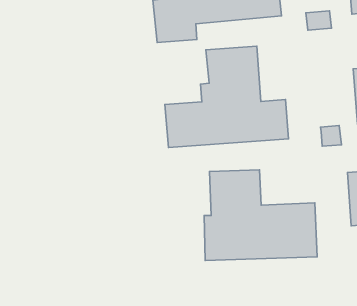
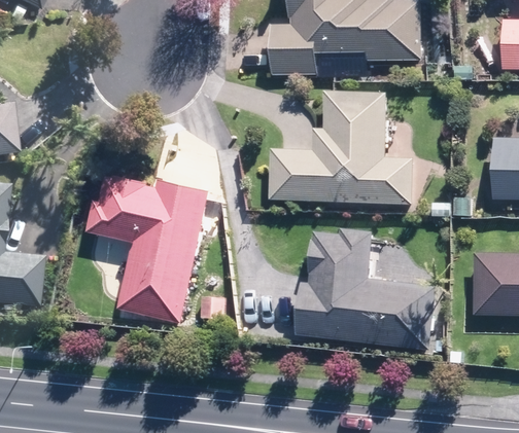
building: none -> [88,173,210,322]

